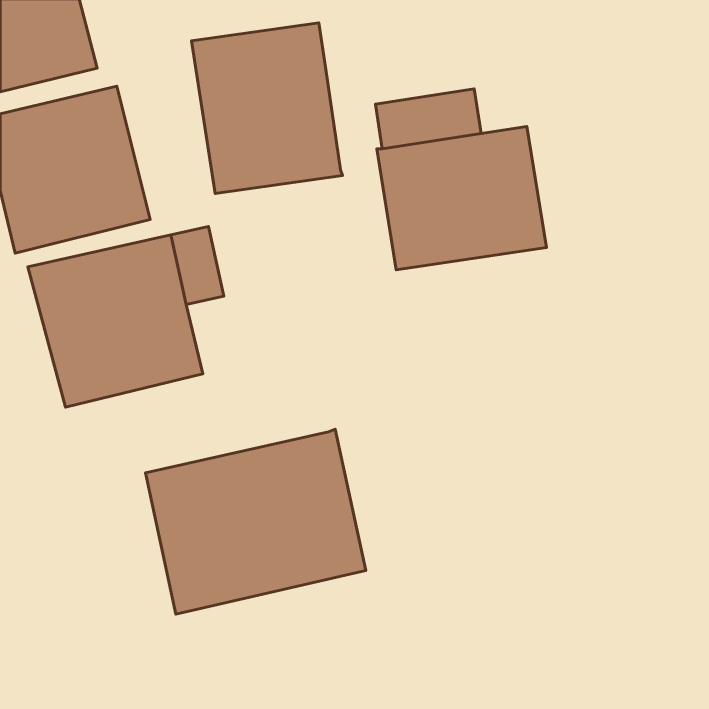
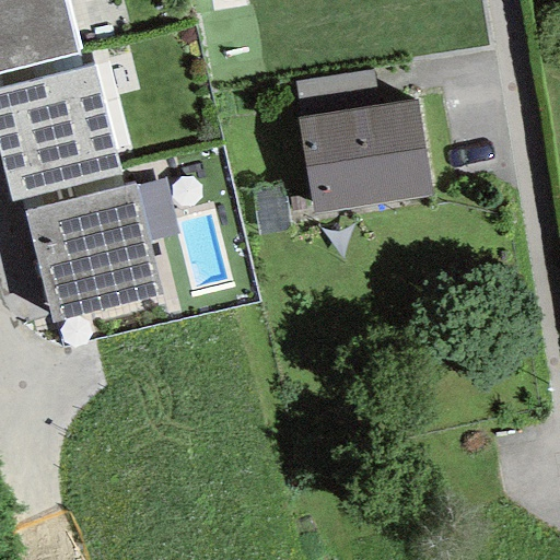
building: [191,23,342,193] -> none
building: [145,429,366,614] -> none

